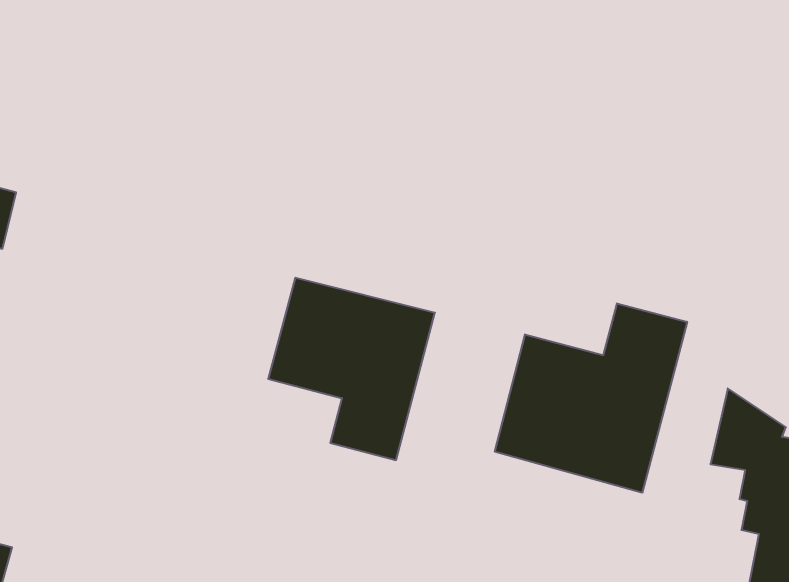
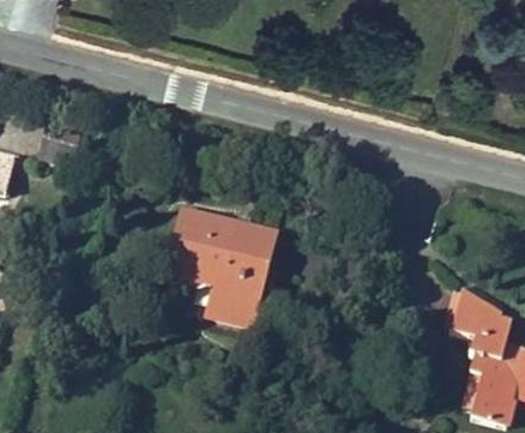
building: [495,303,687,493] -> none

